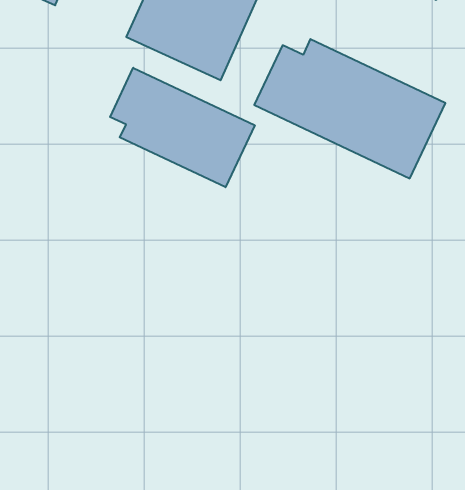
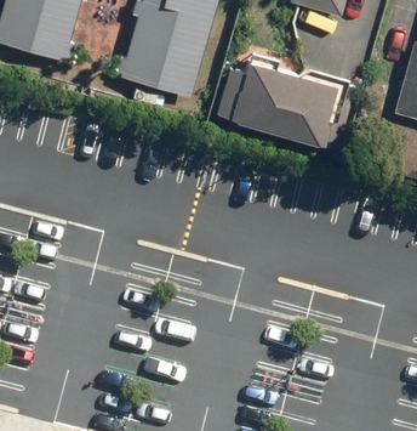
building: [110,68,255,187] -> none

